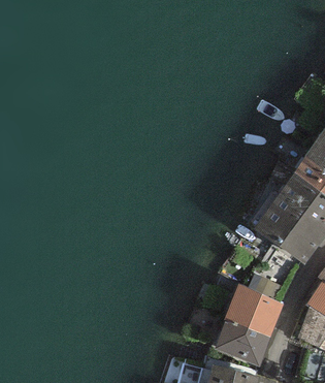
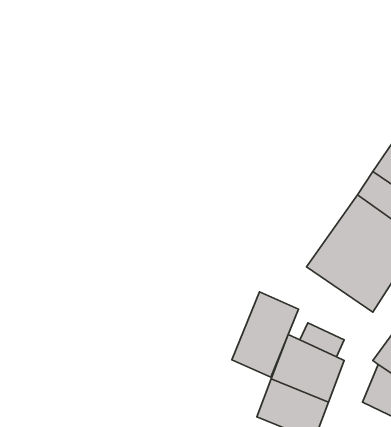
building: none -> [232,292,299,377]

